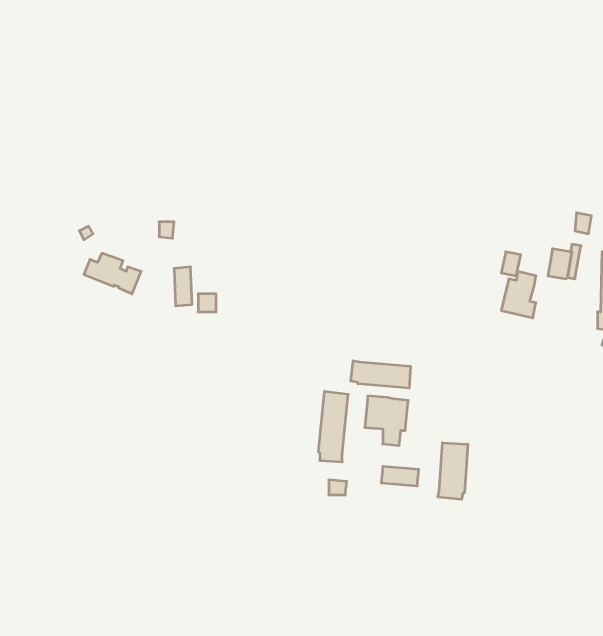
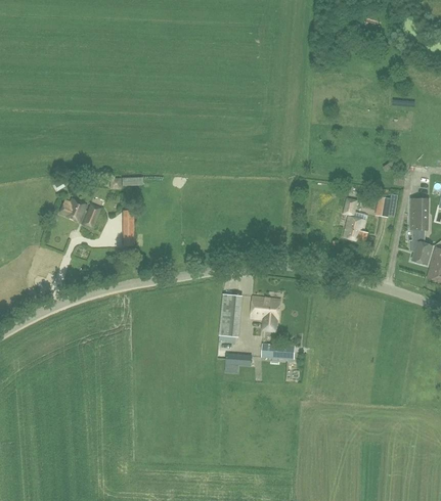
building: [351,361,411,388] -> none
building: [438,443,468,499] -> none

